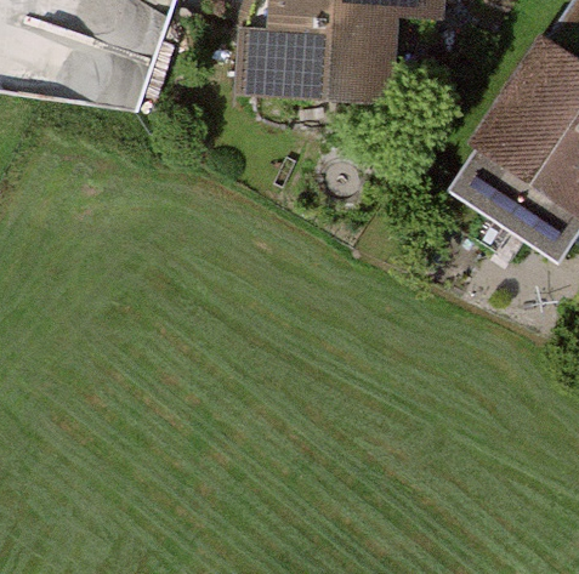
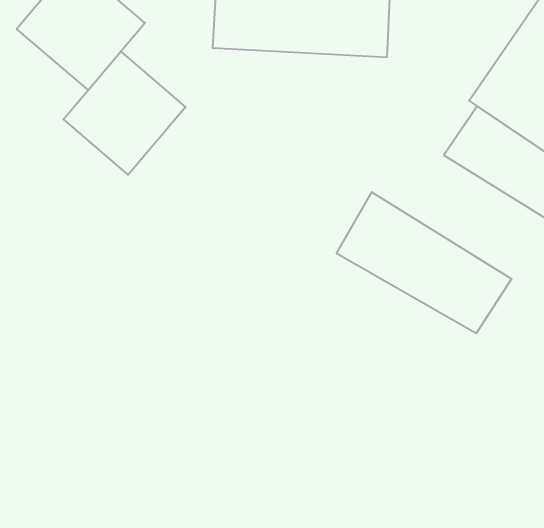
building: none -> [63,52,186,175]
building: none -> [337,192,511,333]

